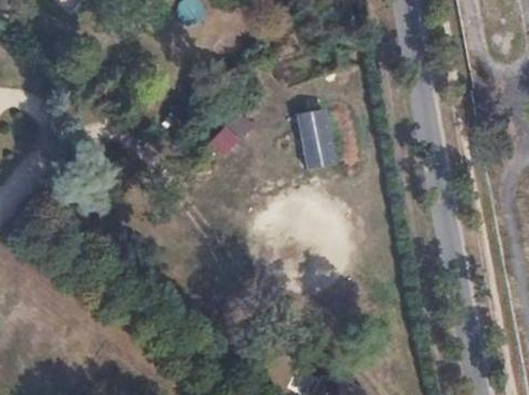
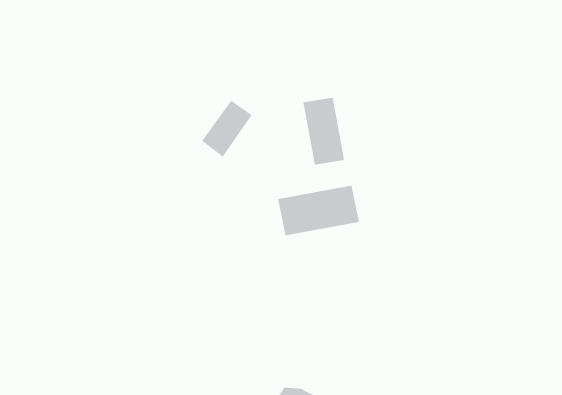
building: none -> [278,185,359,236]

